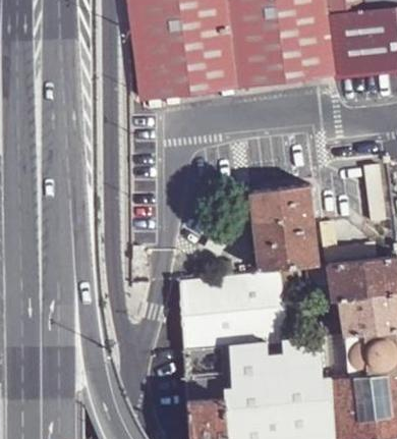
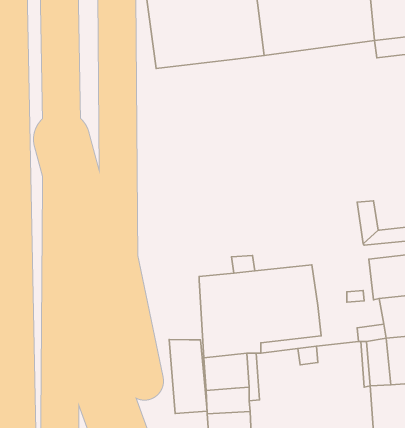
building: [250,184,319,272] -> none
building: none -> [169,340,207,413]

